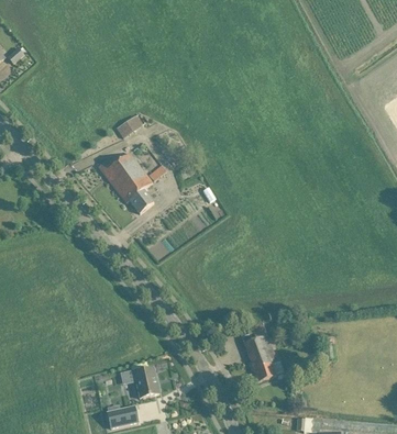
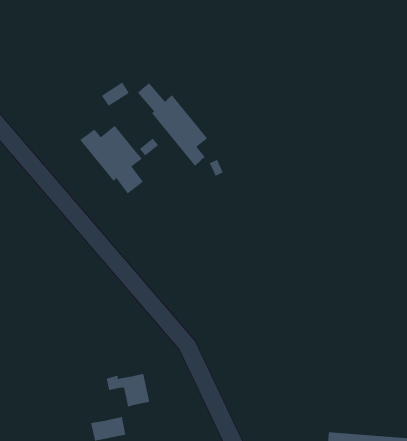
building: none -> [137,82,208,167]
building: [242,327,284,382] -> none

